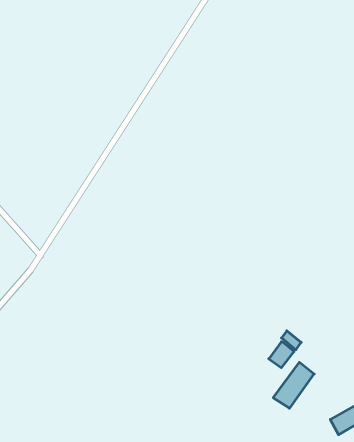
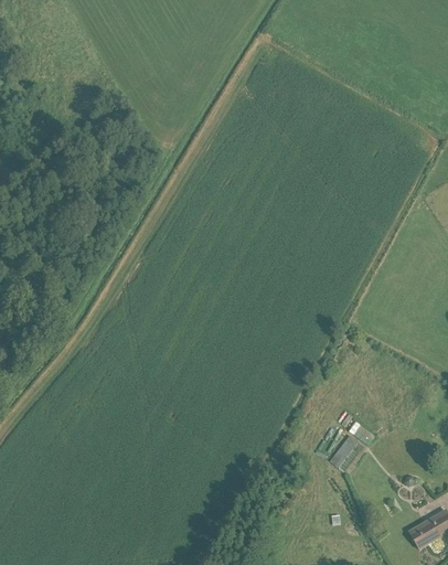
building: [273,362,314,408] -> none

